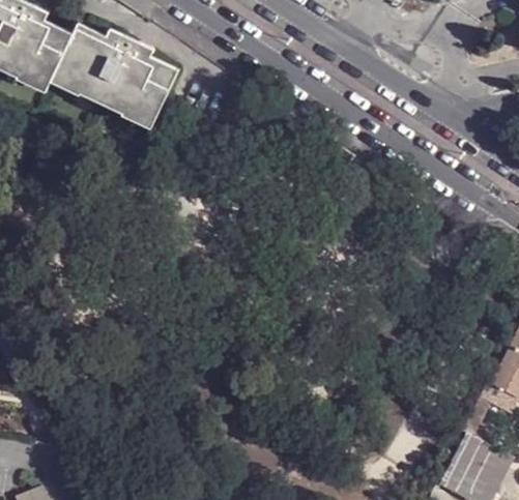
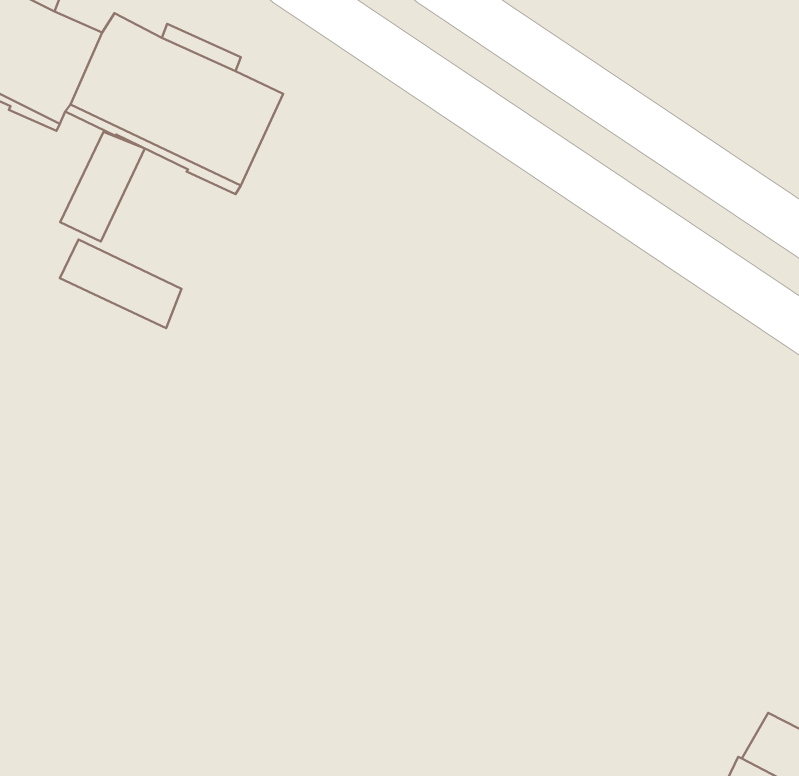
building: none -> [60,132,145,241]
building: none -> [60,239,181,328]

